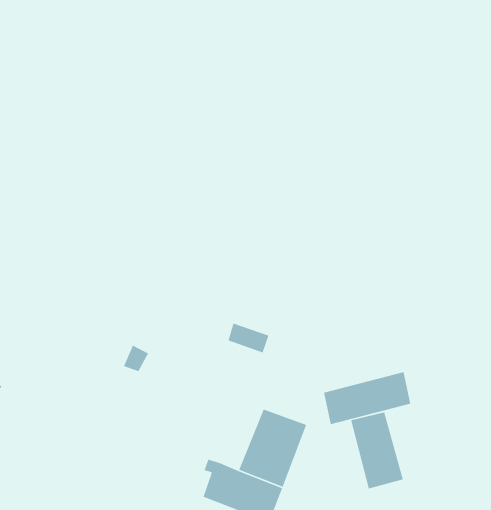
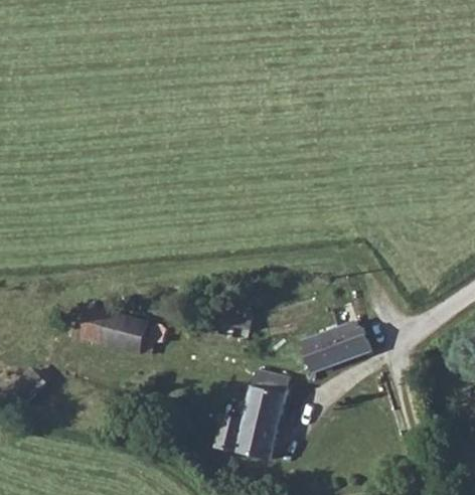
building: none -> [63,303,145,350]
building: [350,411,404,490] -> none

